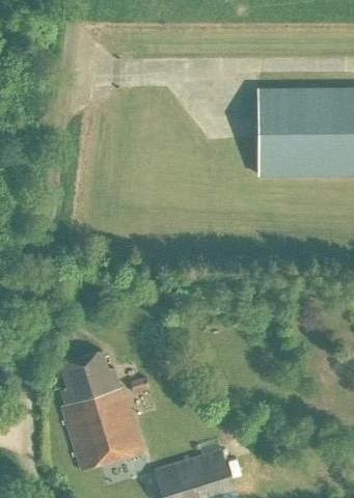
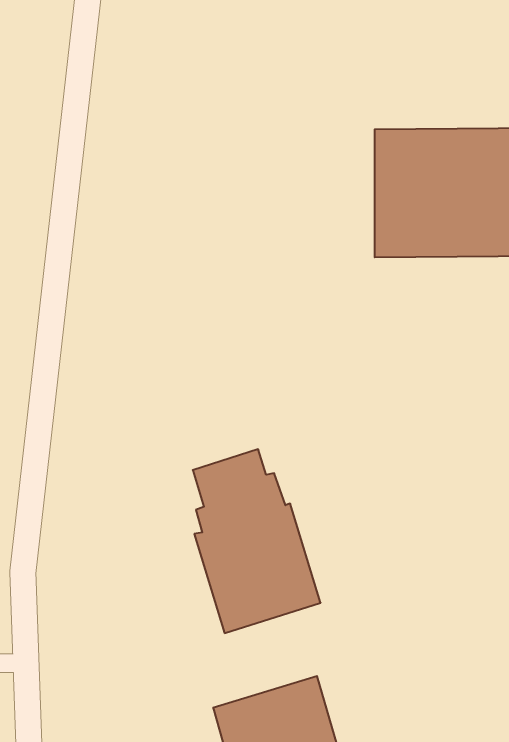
building: [59,350,142,469] -> [193,449,321,633]

